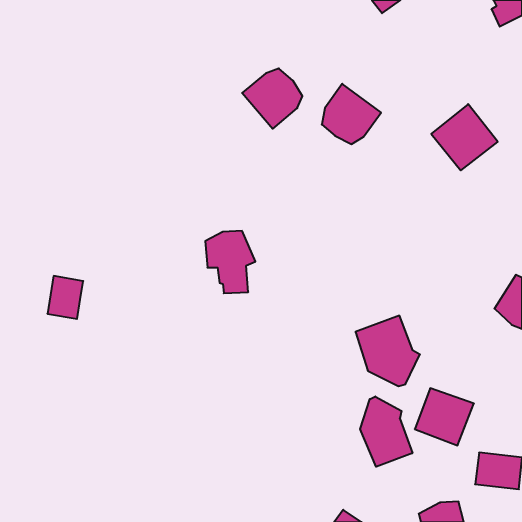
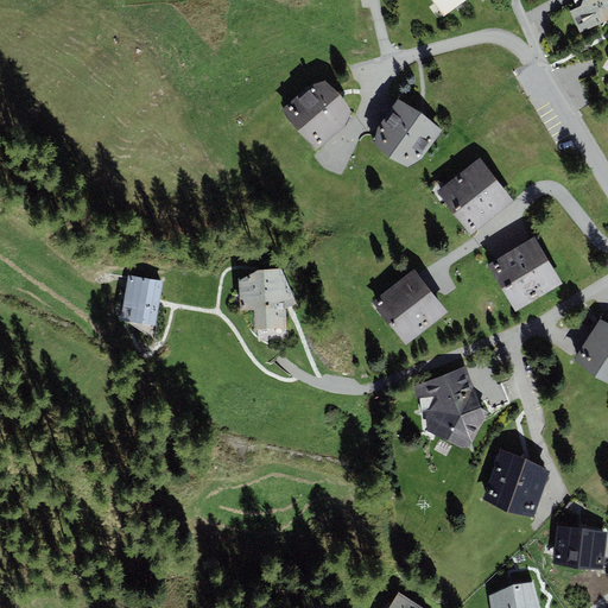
building: [431,104,498,170] -> [437,157,514,234]
building: none -> [488,236,562,311]
building: none -> [373,270,449,344]
building: [47,276,83,319] -> [121,276,163,325]
building: [360,396,412,467] -> none

